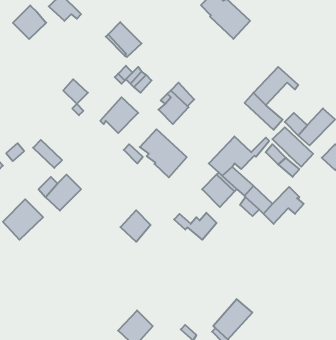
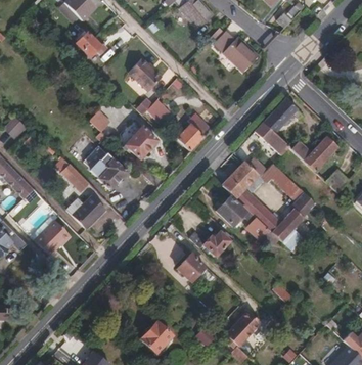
building: [13,5,46,39] -> none
building: [272,127,313,167] -> none
building: [140,129,187,177] -> [84,146,127,190]
building: [120,210,151,242] -> [177,253,205,281]

